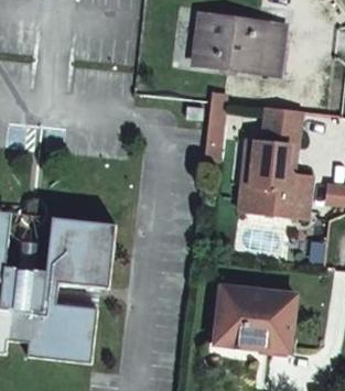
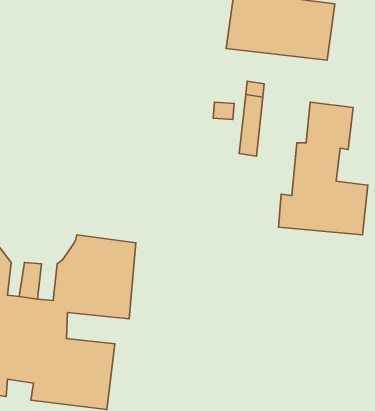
building: [207,284,294,359] -> none

